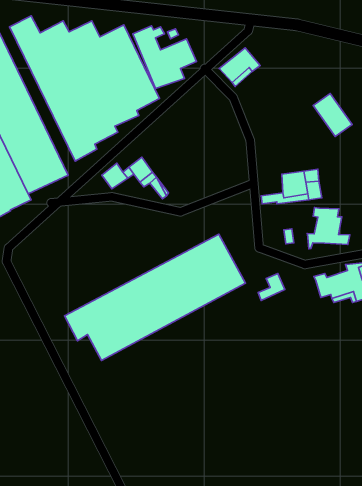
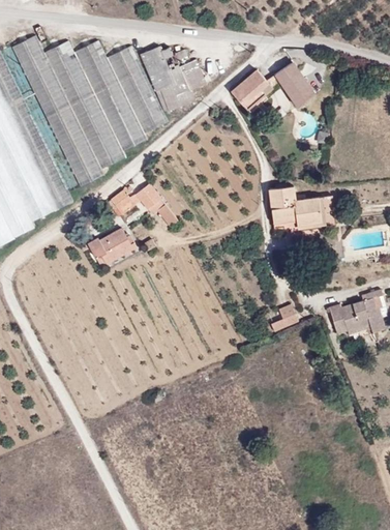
building: [313,94,352,136] -> [274,62,314,107]
building: none -> [269,186,296,224]
building: none -> [88,229,136,266]
building: [307,208,350,249] -> none
building: [65,234,245,360] -> none

